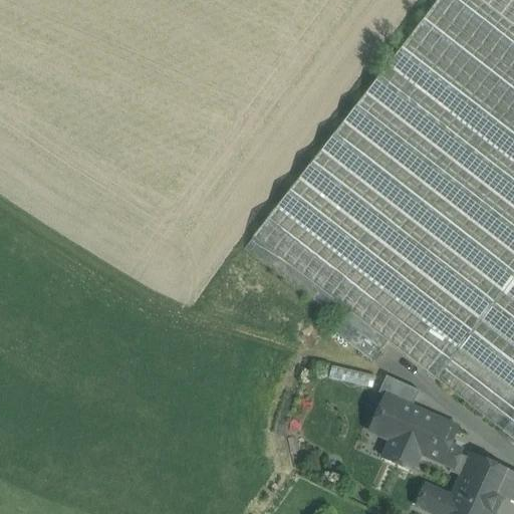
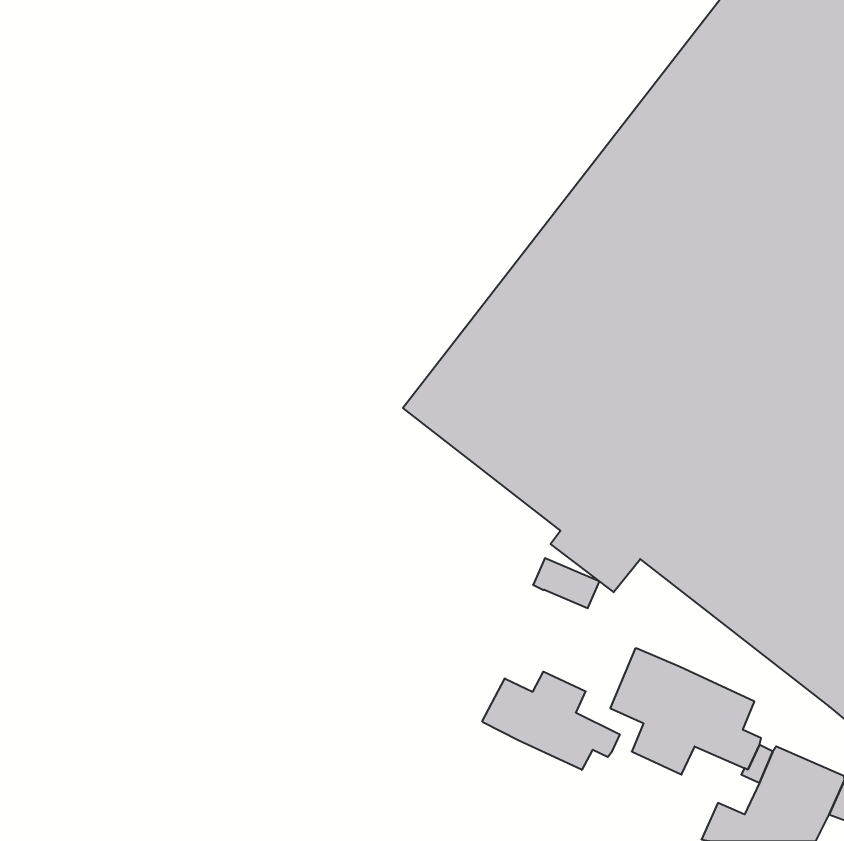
building: [380,373,421,404] -> [533,558,599,608]
building: none -> [482,672,620,770]

